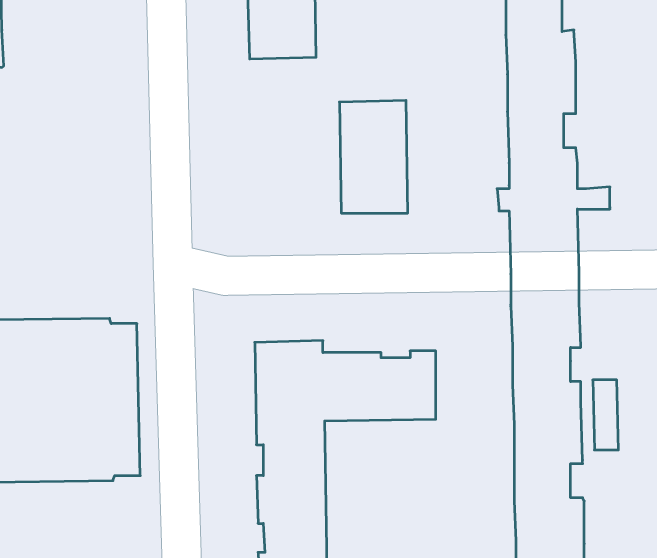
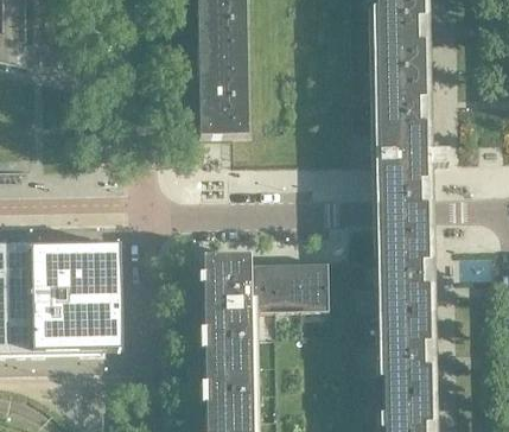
building: [339,100,408,213] -> [199,57,247,135]

